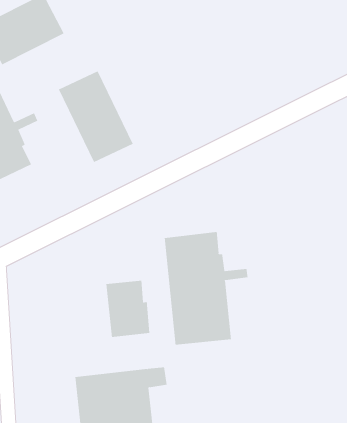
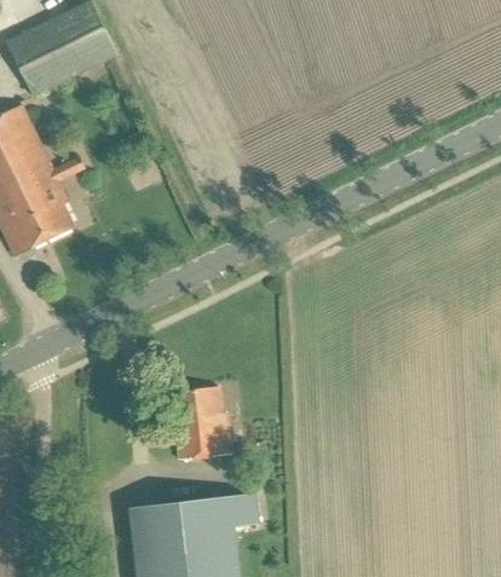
building: [58,70,134,163] -> none
building: [164,231,248,346] -> none

